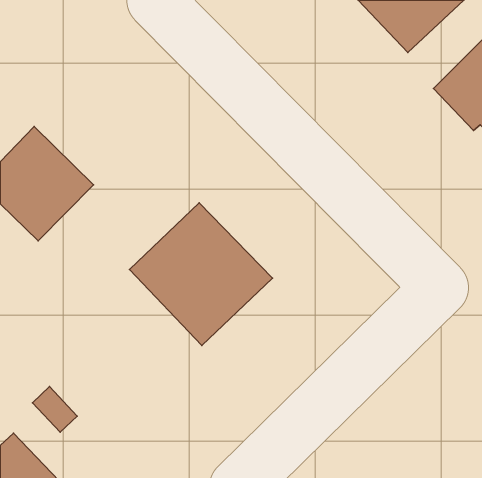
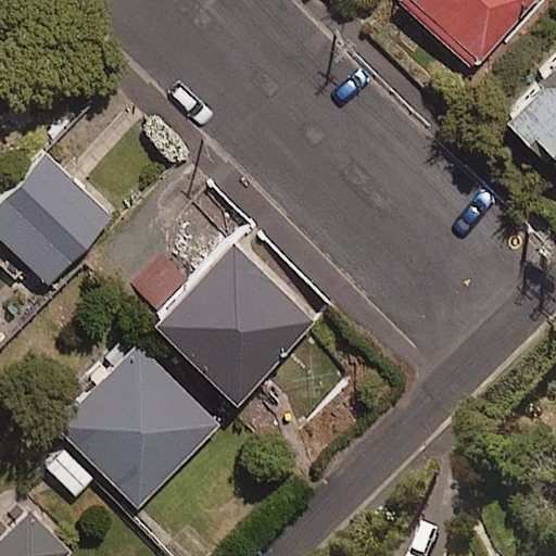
building: none -> [48,337,219,508]

